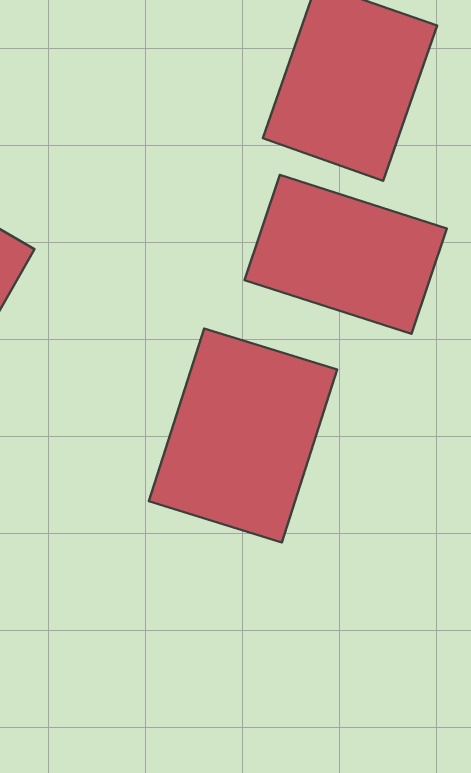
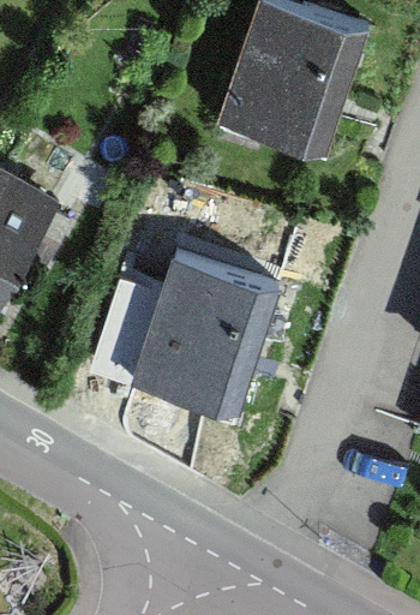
building: [245,175,447,334] -> none

